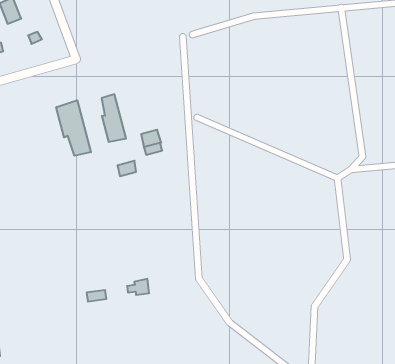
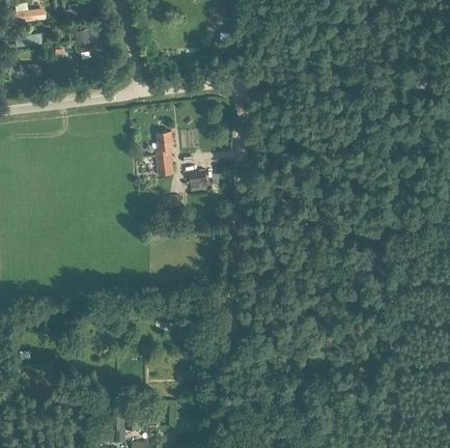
building: [56,100,91,156] -> none

